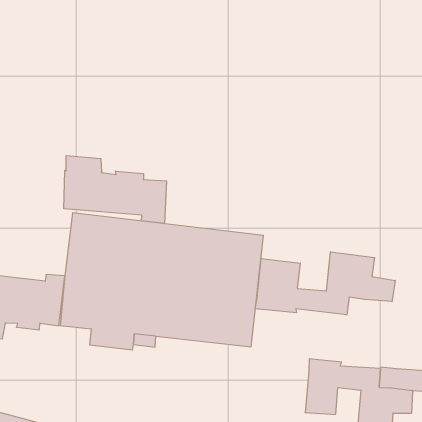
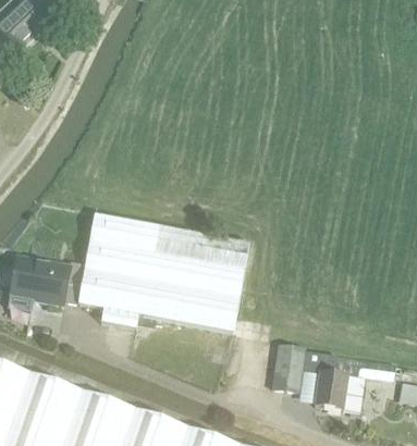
building: [64,156,167,224] -> none
building: [255,252,395,315] -> none

